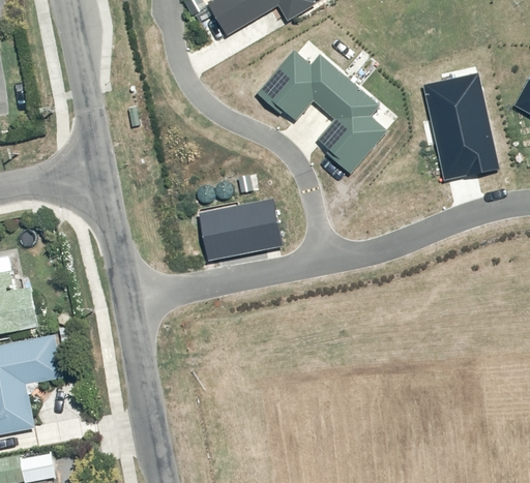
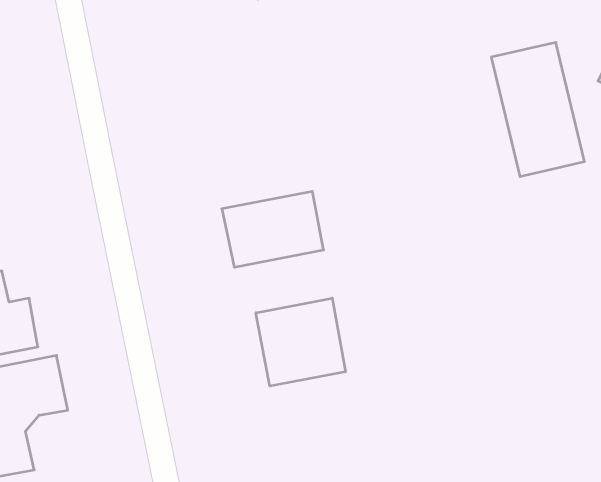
building: [256,49,387,174] -> none
building: none -> [256,298,345,386]

